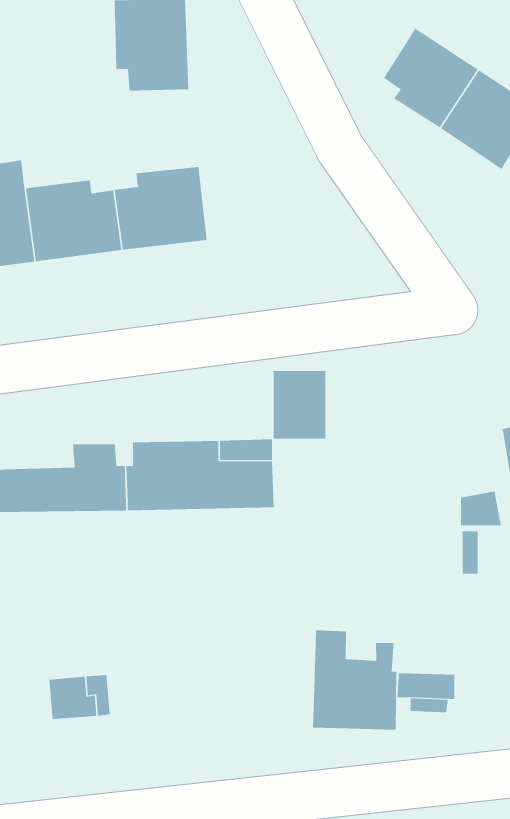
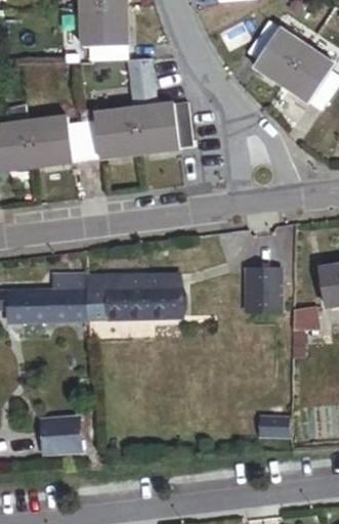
building: none -> [128,57,193,152]
building: [273,371,326,439] -> [249,268,282,310]
building: [312,629,397,730] -> none

